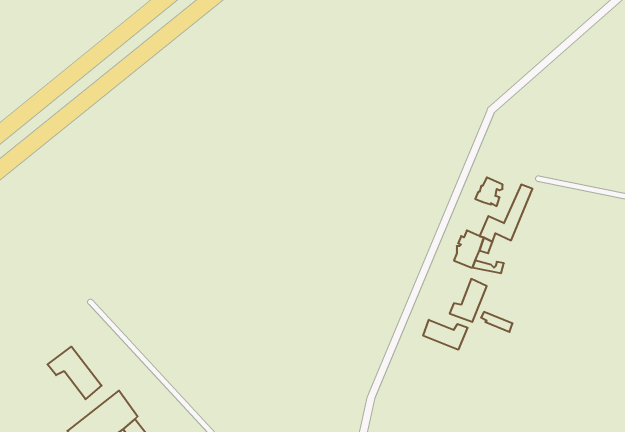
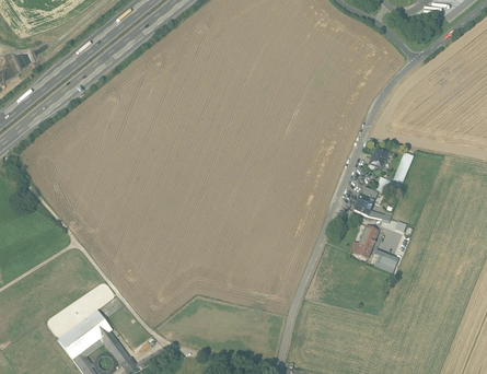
building: [423,320,468,350] -> none
building: [47,347,102,399] -> none

